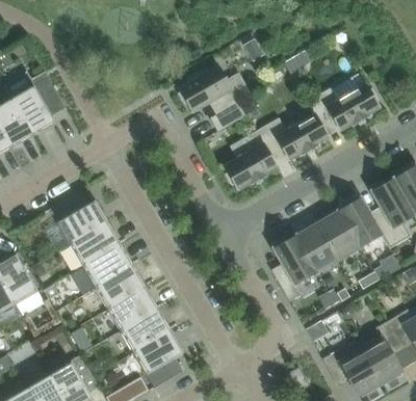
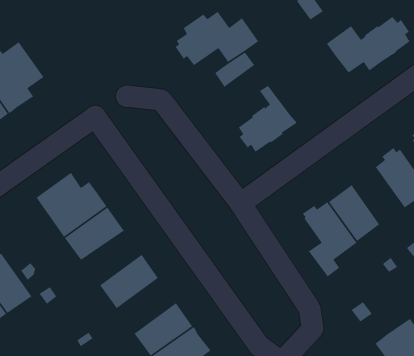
building: [255,115,328,160] -> none
building: [317,211,360,260] -> none
building: [70,244,134,295] -> none
building: [108,287,159,331] -> none

